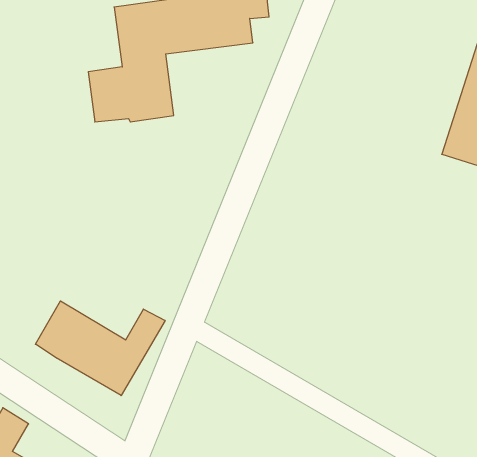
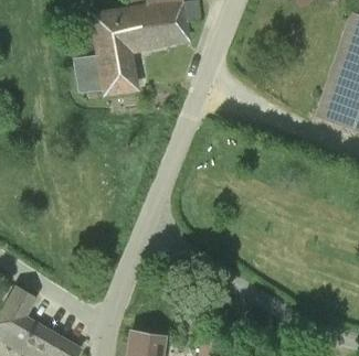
building: [35,301,165,396] -> none

